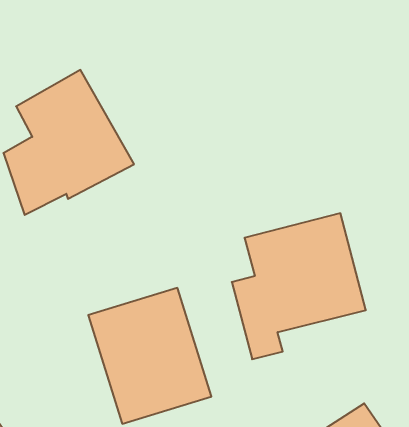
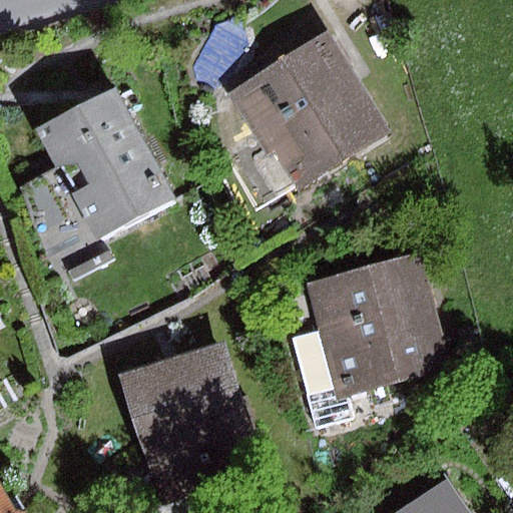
building: none -> [229,29,393,203]

